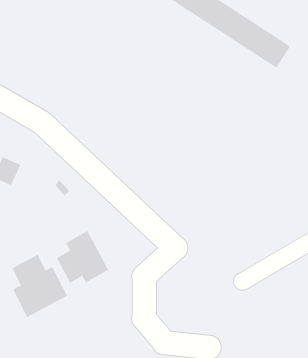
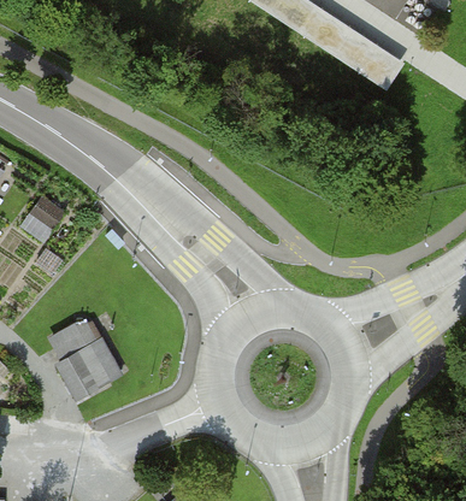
building: [56,230,109,284] -> none

